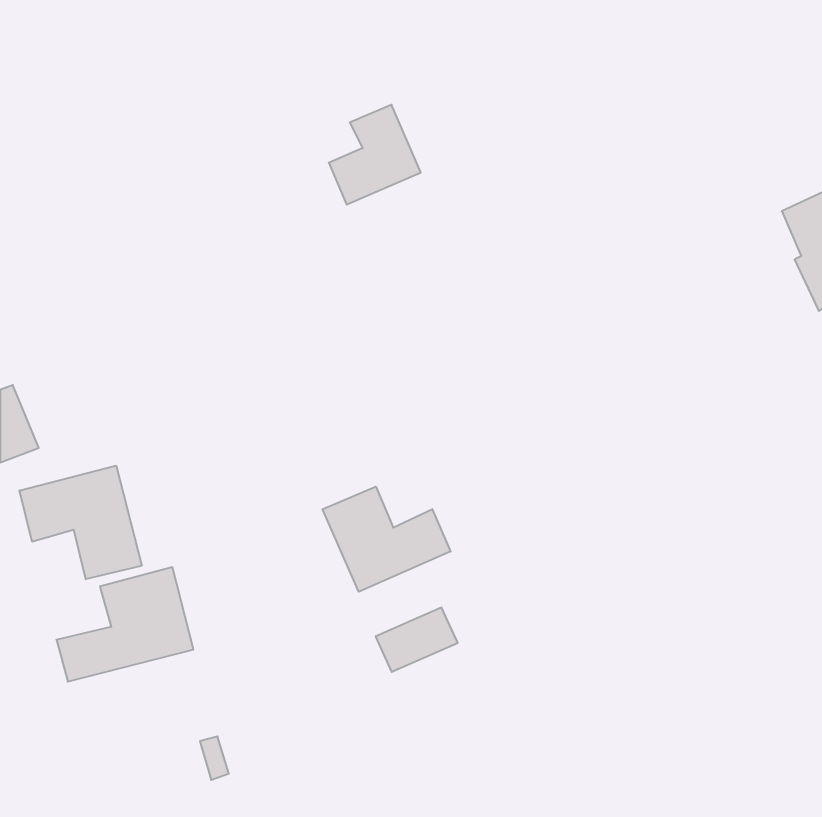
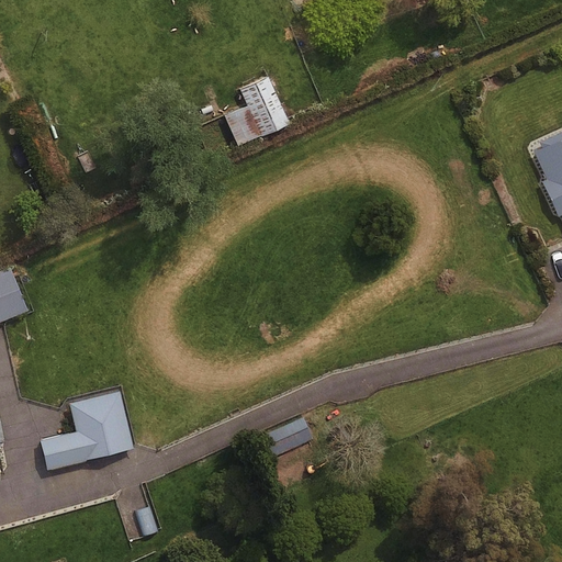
building: [19,466,142,579] -> none
building: [323,487,451,592] -> none

